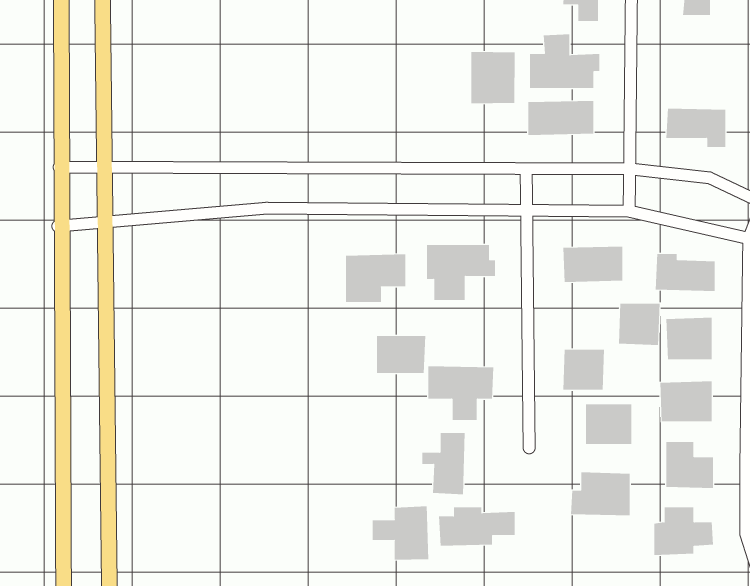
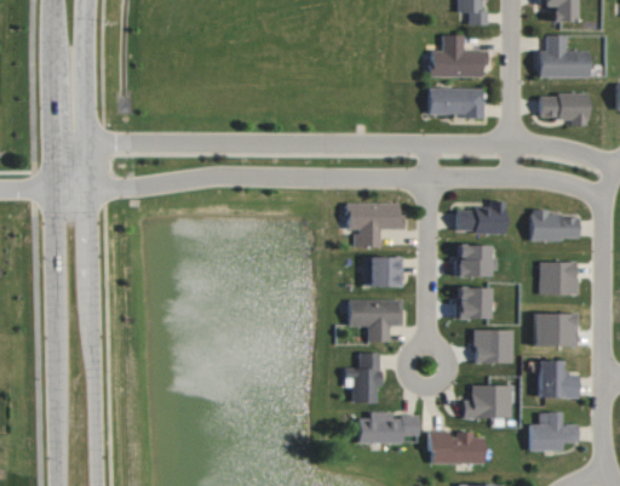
building: none -> [539,34,589,78]
building: [471,51,515,104] -> none
building: [345,254,406,303] -> none
building: [618,303,660,346] -> [457,244,490,278]
building: [376,335,426,373] -> [362,256,402,286]
building: [372,506,429,560] -> none
building: none -> [430,433,484,464]

